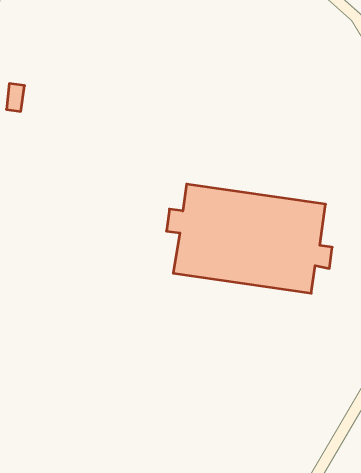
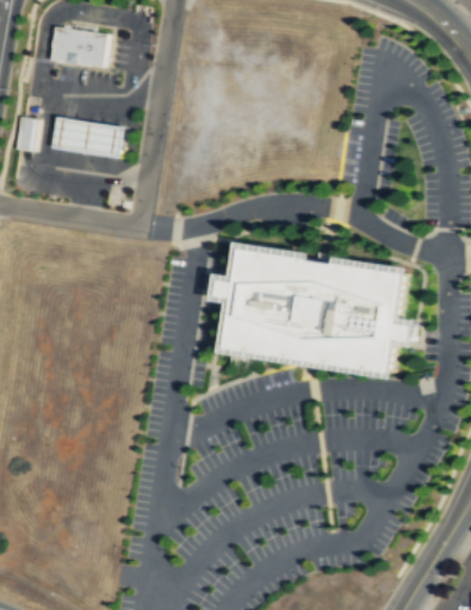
building: none -> [51,27,107,68]
building: none -> [54,118,126,159]

